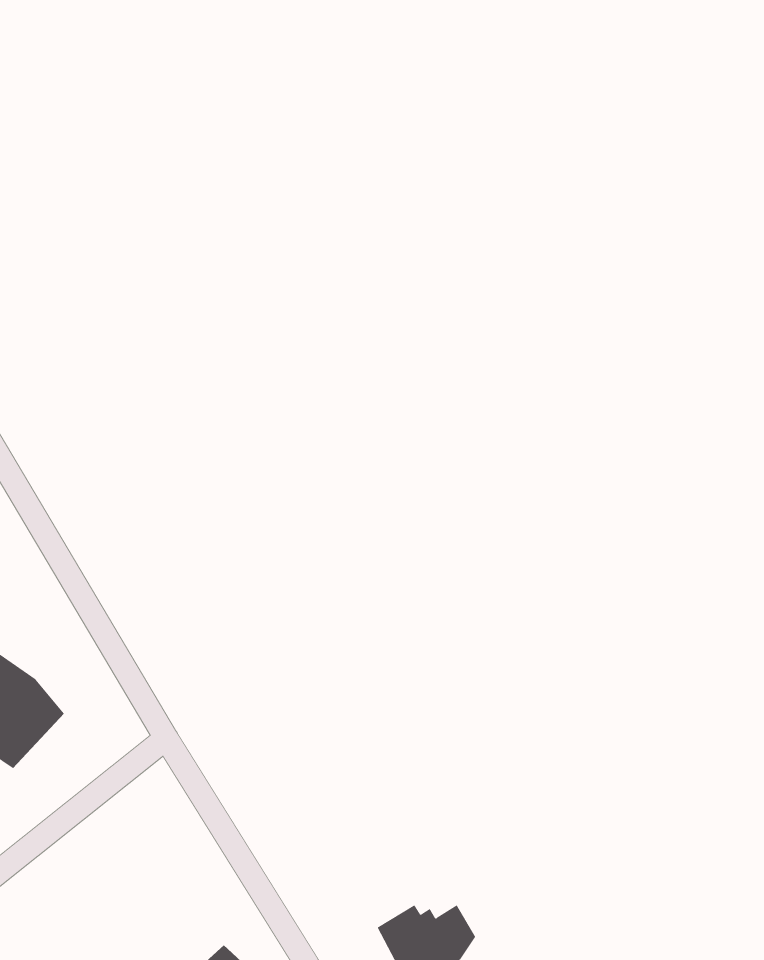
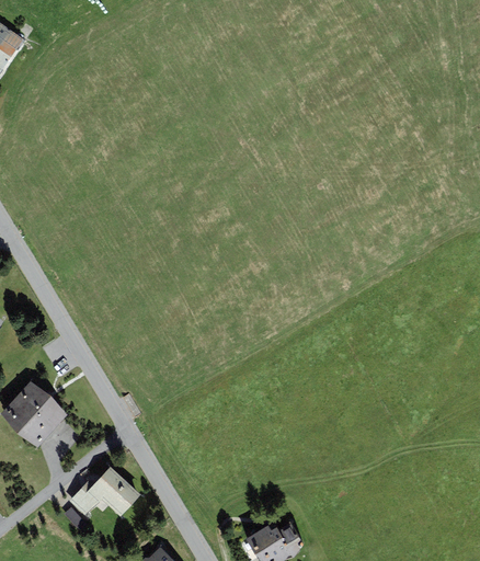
building: none -> [68,467,139,516]

